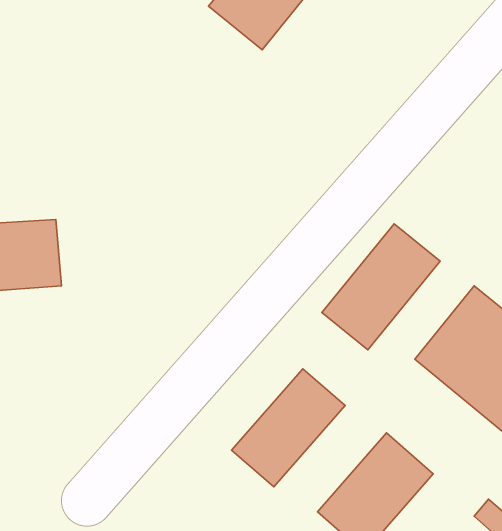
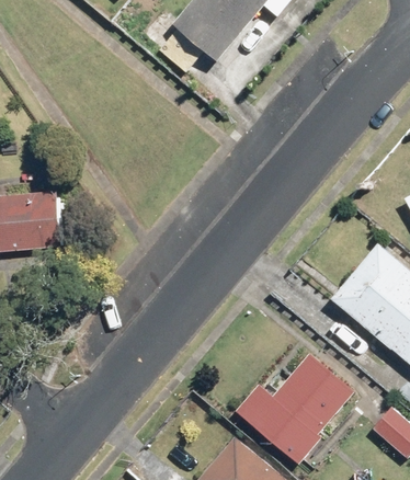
building: [322,224,440,350] -> none
building: [232,369,345,487] -> none

